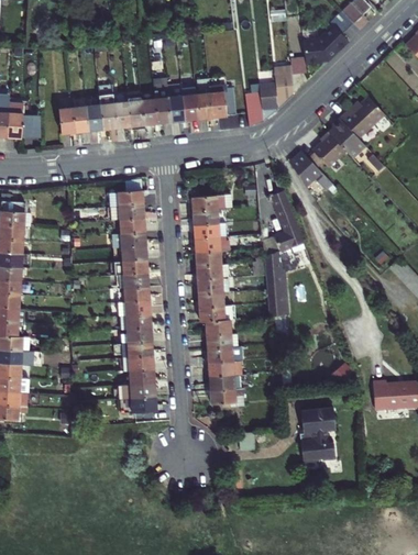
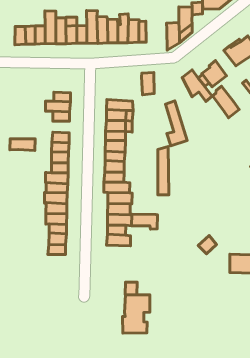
building: [245,97,264,127] -> [142,73,154,95]
building: [328,118,365,158] -> [212,86,239,118]
building: [111,230,145,247] -> [10,139,35,150]
building: [208,386,243,406] -> [132,214,158,229]
building: [298,407,333,460] -> [123,295,150,333]

